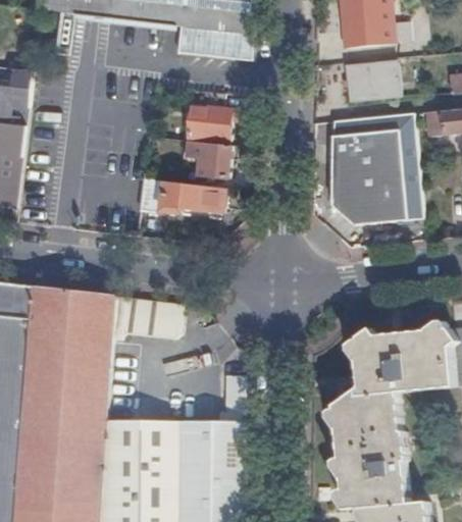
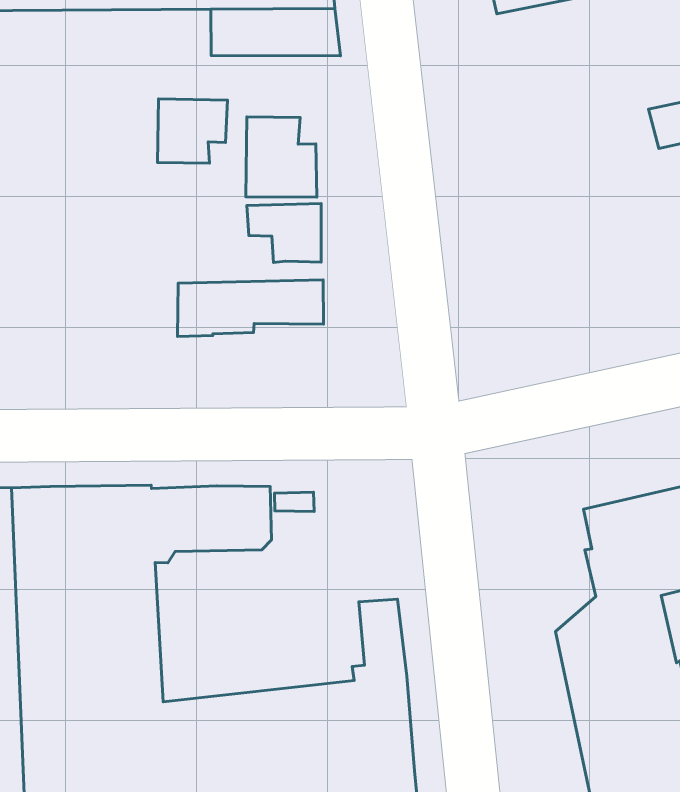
building: [347,62,400,101] -> none
building: none -> [158,99,228,163]
building: [331,113,422,224] -> none

